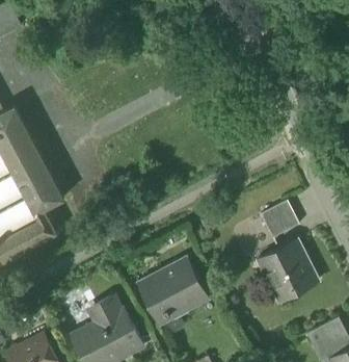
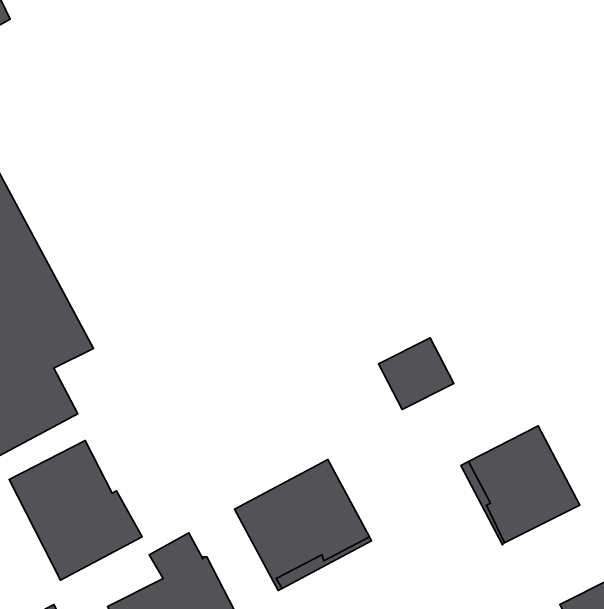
building: [260,200,299,237] -> [378,338,454,409]
building: none -> [9,440,142,580]

